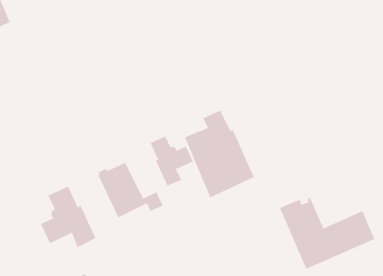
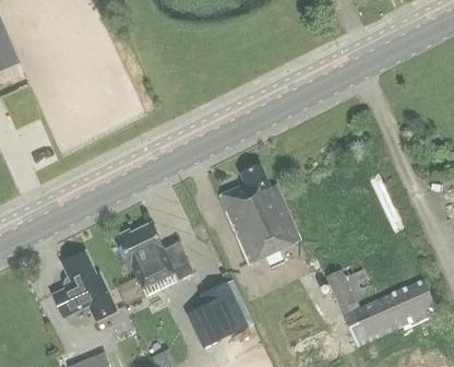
building: [150,135,194,187] -> none
building: none -> [189,284,244,345]

